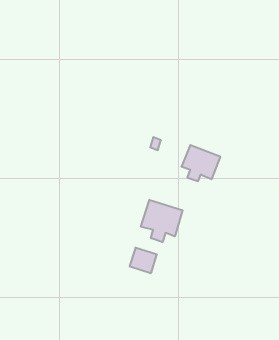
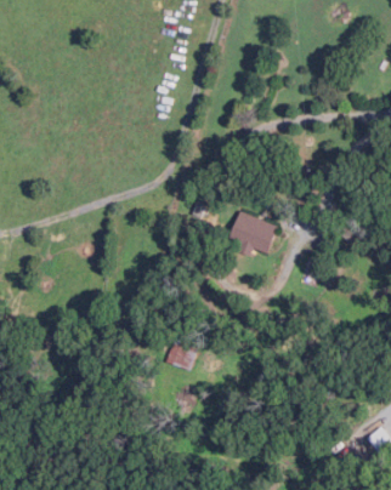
building: [141,200,183,242] -> none

